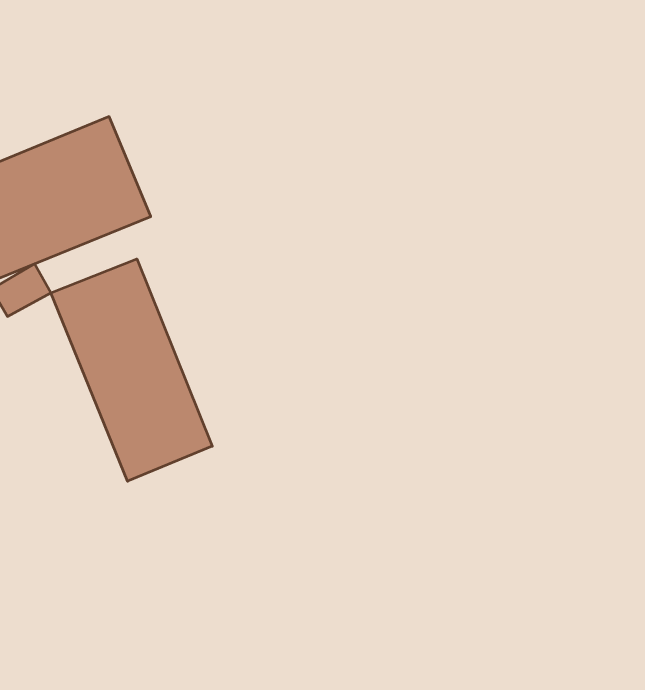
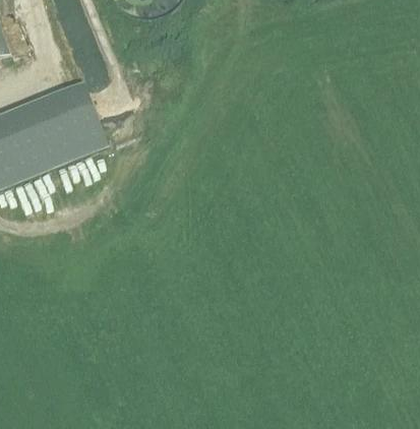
building: [51,259,212,481] -> none

